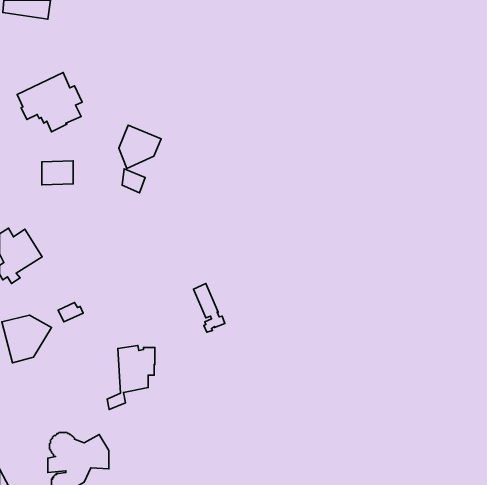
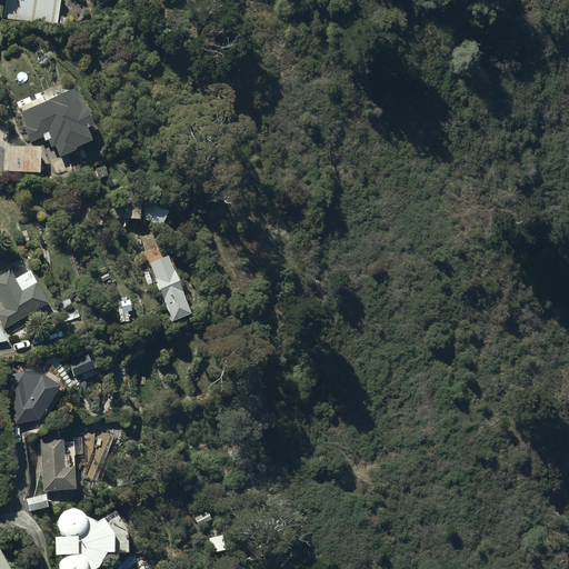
building: [119,125,161,168] -> none
building: [42,161,73,185] -> [4,144,41,172]
building: [193,284,225,332] -> [153,267,190,323]
building: [107,346,155,410] -> [27,438,82,512]

